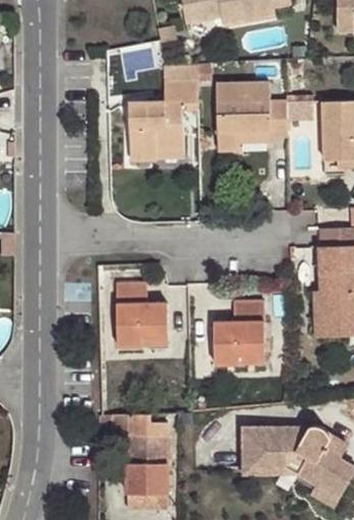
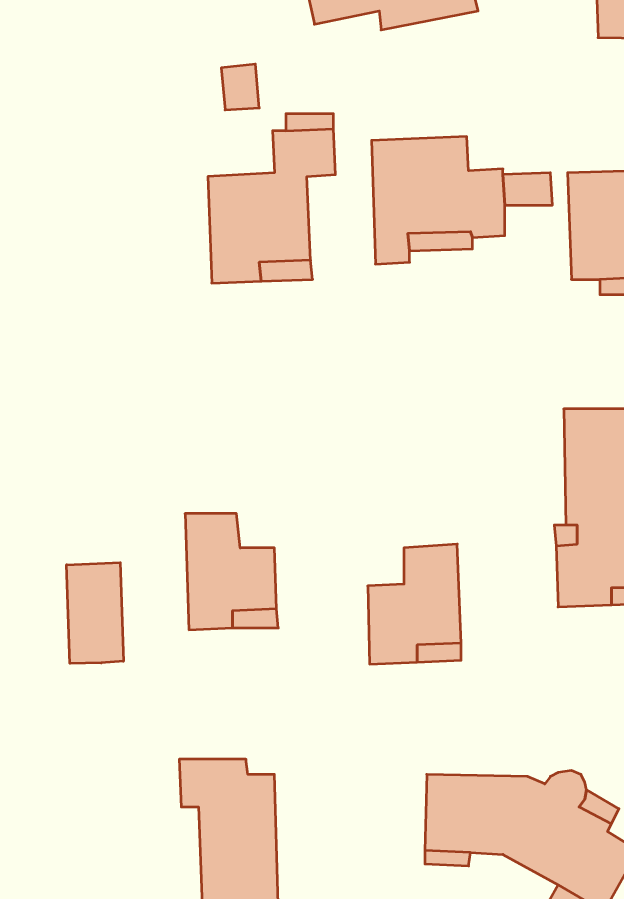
building: none -> [67,563,123,663]

